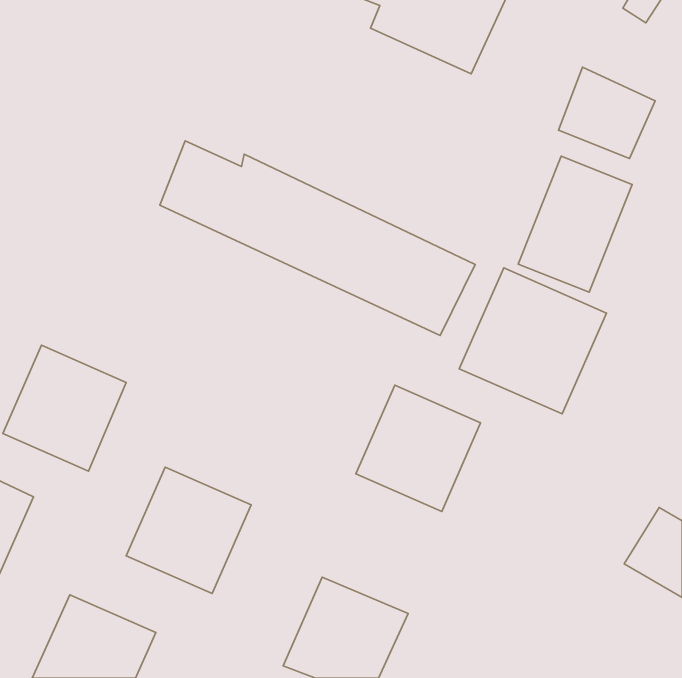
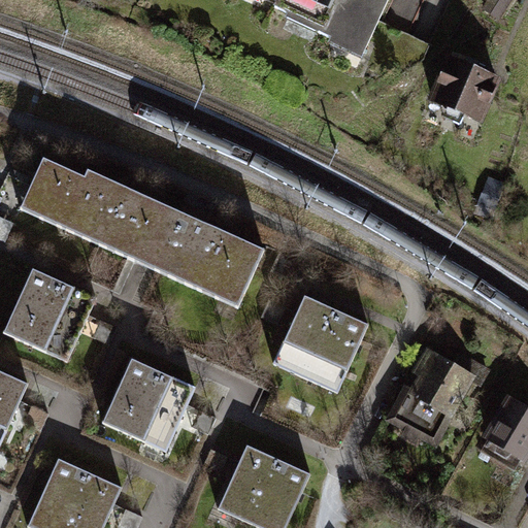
building: [160,141,475,336] -> [24,158,266,307]
building: [518,156,632,292] -> none
building: [459,268,607,414] -> none
building: none -> [386,344,490,446]

